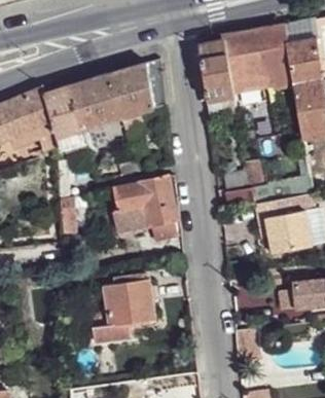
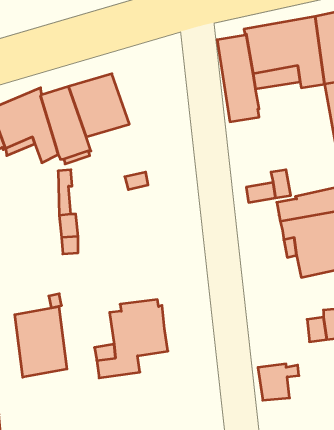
building: [106,59,166,119] -> none
building: [111,176,178,241] -> none
building: none -> [15,306,67,377]

